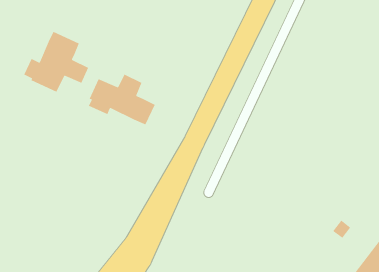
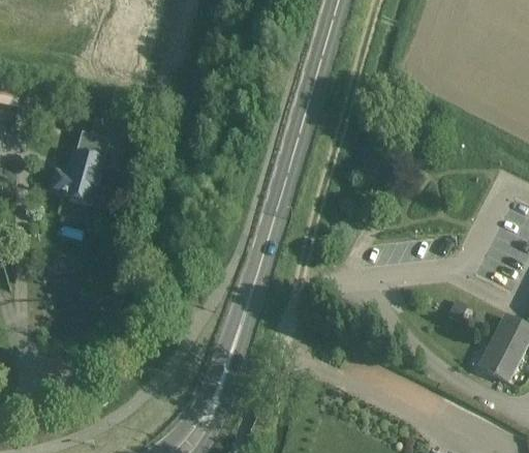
building: [88,74,156,125] -> none

